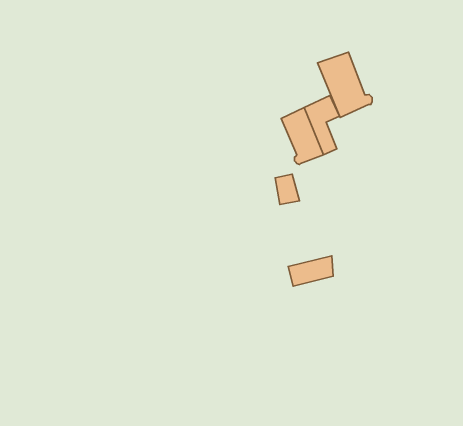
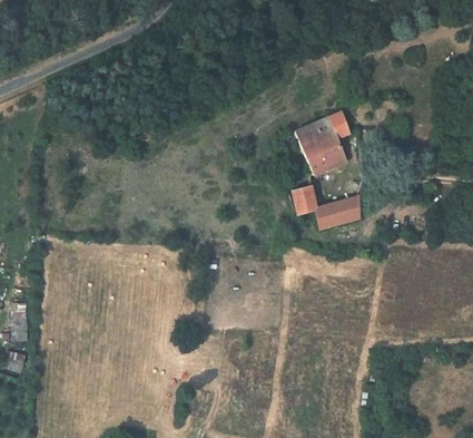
building: [318,52,372,118] -> none
building: [288,256,333,286] -> [315,199,356,227]

